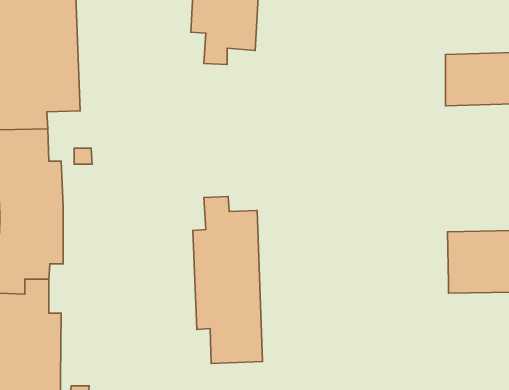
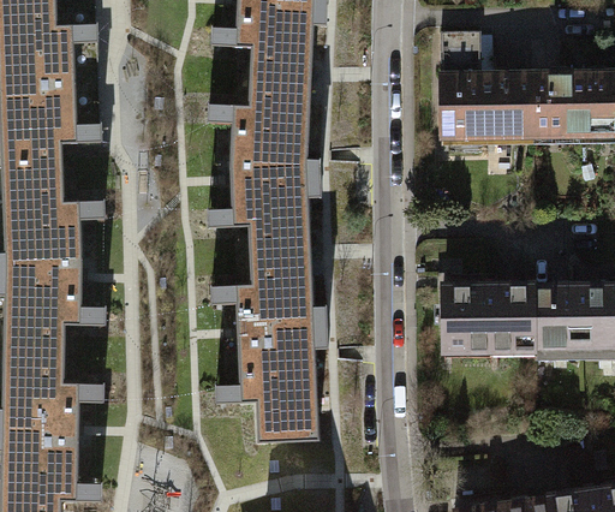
building: none -> [443,31,536,137]
building: none -> [228,67,311,262]
building: none -> [444,286,539,349]

